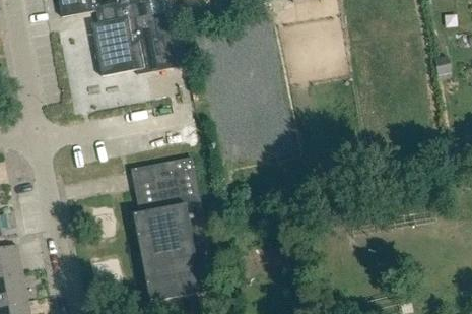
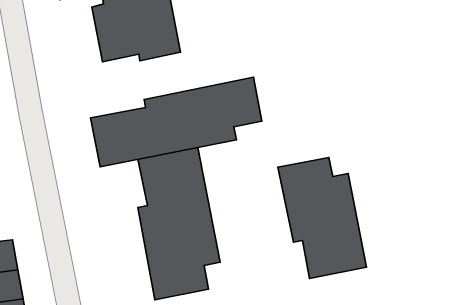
building: none -> [91,77,262,167]
building: none -> [278,157,367,278]

